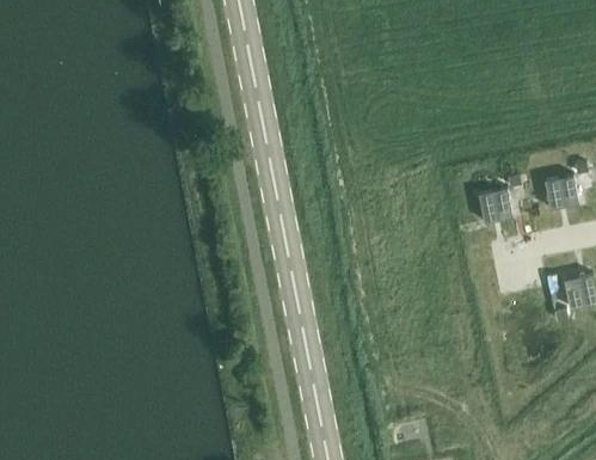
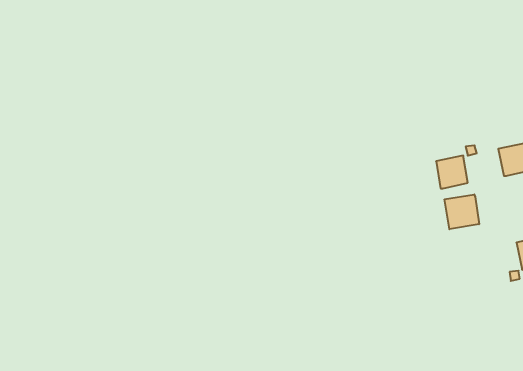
building: none -> [445,194,479,229]

